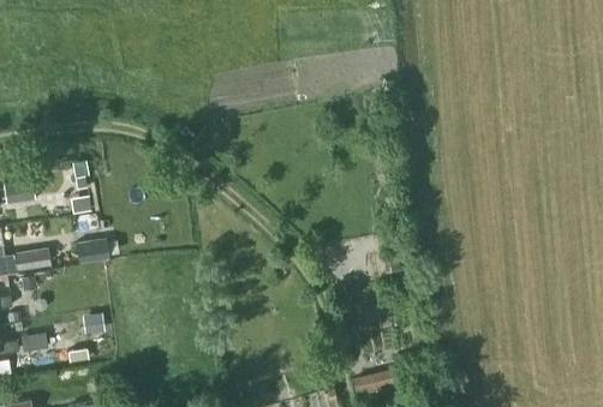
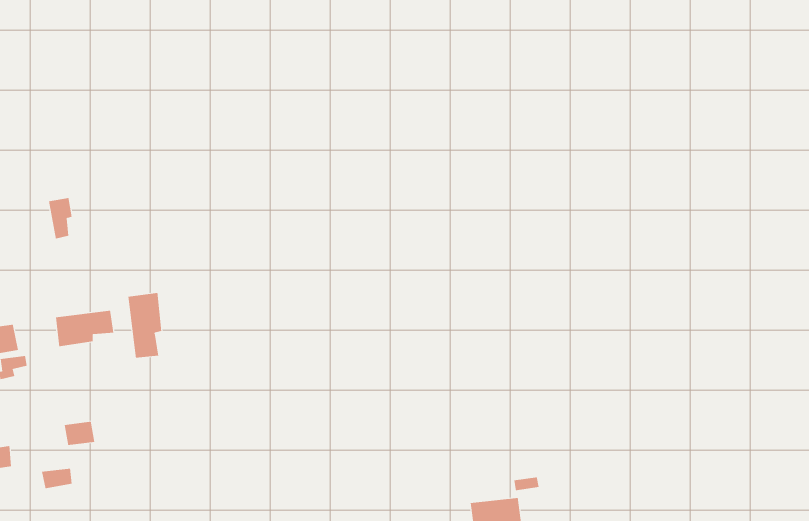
building: none -> [128,292,162,358]

